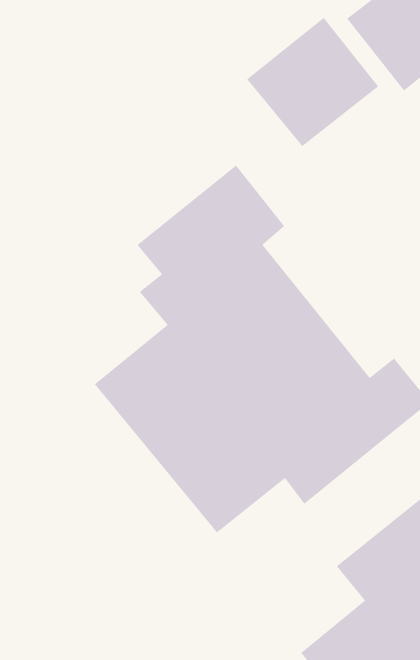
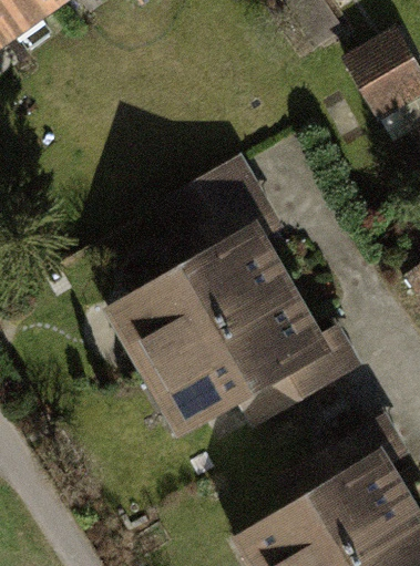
building: [246,17,379,147] -> none

